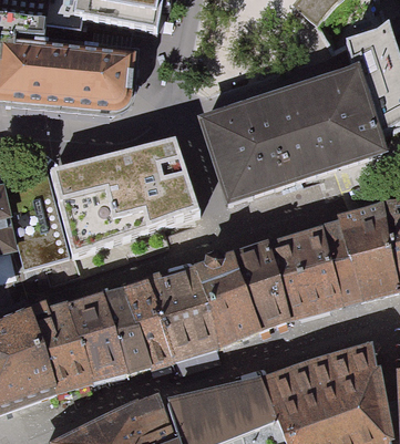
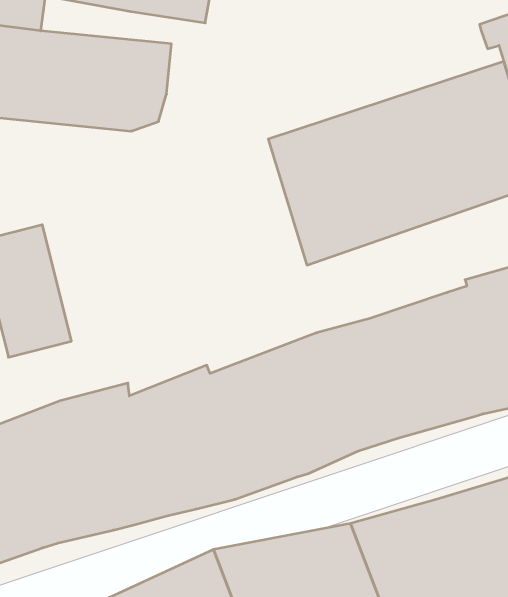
building: [52,135,199,255] -> none

